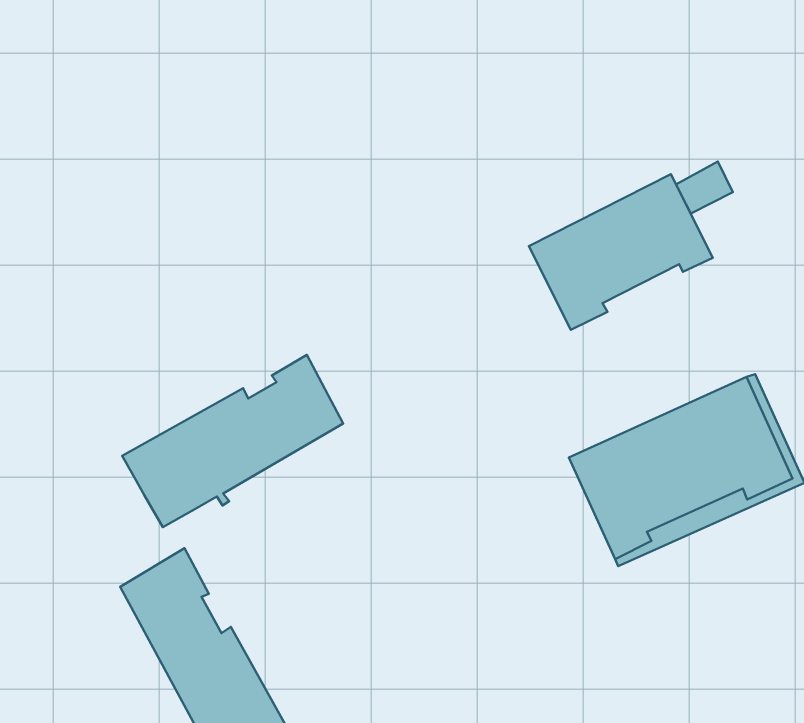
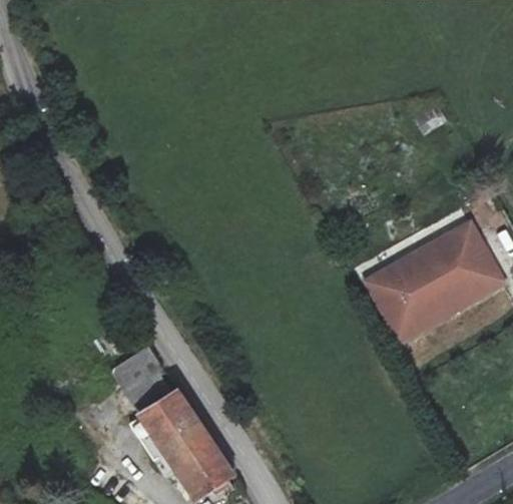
building: [529,174,713,330] -> none
building: [122,355,343,527] -> none

